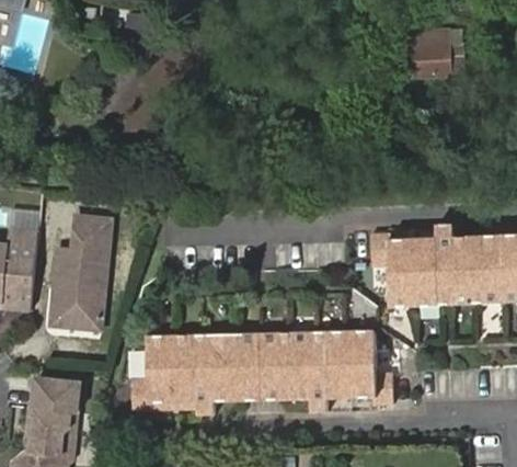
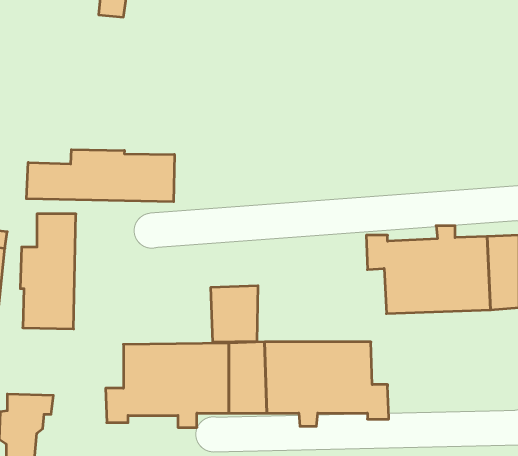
building: [401,45,458,76] -> none
building: none -> [26,150,174,202]
building: none -> [211,286,258,342]

